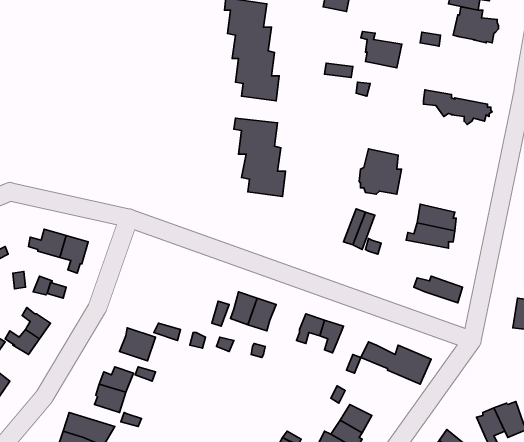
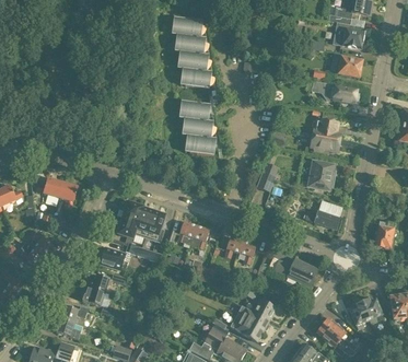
building: [361,32,402,68] -> [333,51,361,77]
building: [359,149,401,194] -> [310,118,339,150]
building: none -> [118,201,164,242]

